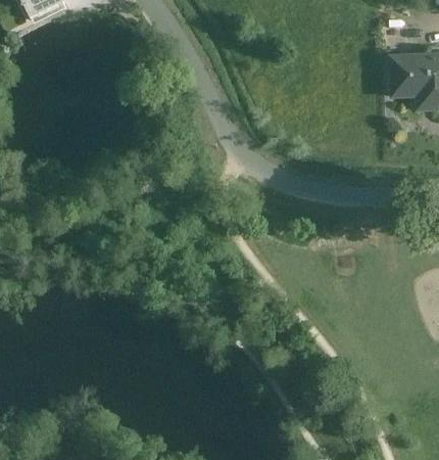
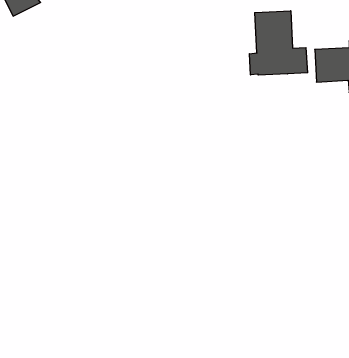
building: none -> [249,11,308,75]

